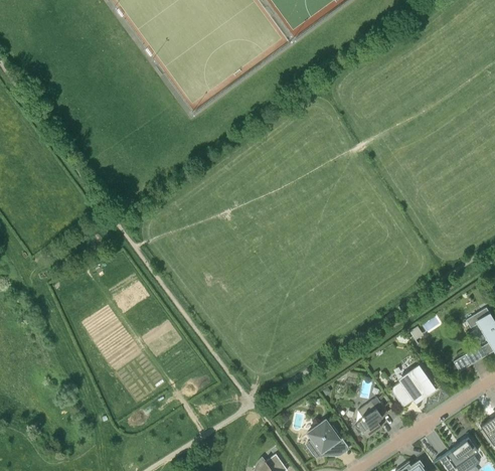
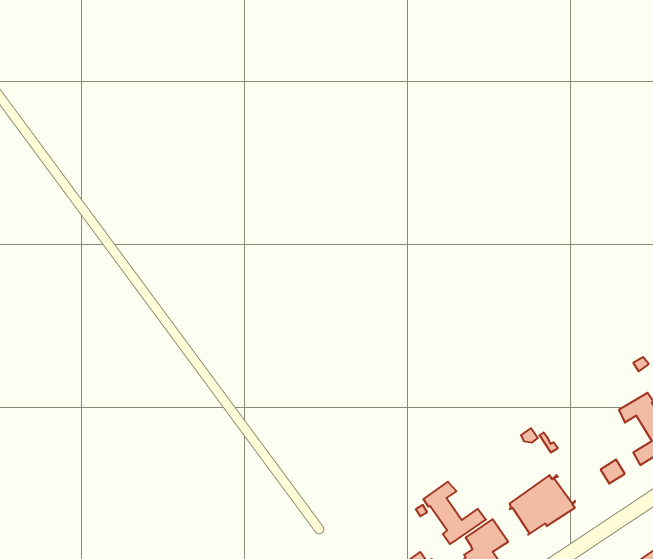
building: none -> [423,482,486,544]

